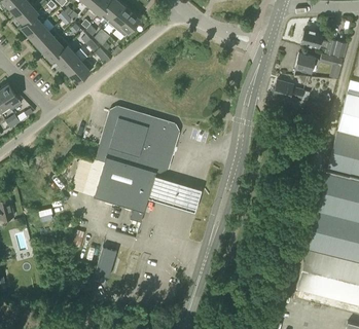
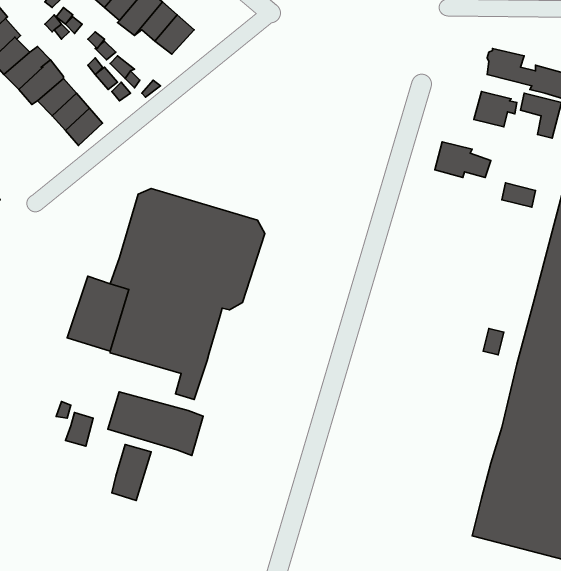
building: [149,177,202,212] -> [108,392,203,455]

